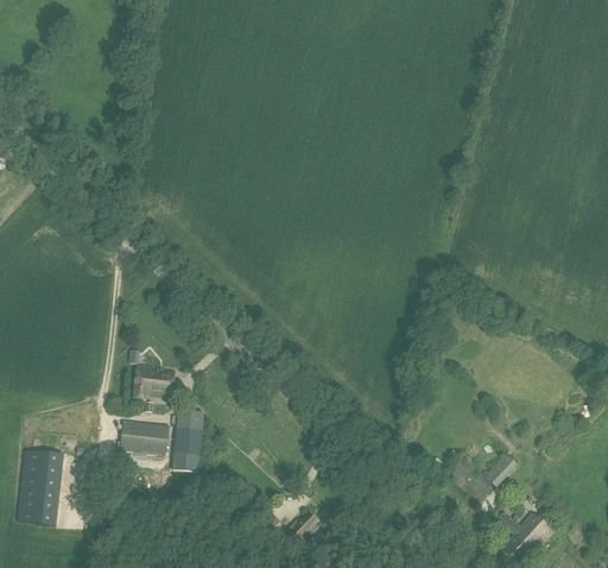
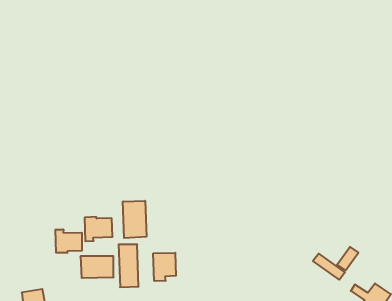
building: none -> [123,201,146,238]
building: none -> [55,229,82,253]
building: none -> [153,253,176,281]

